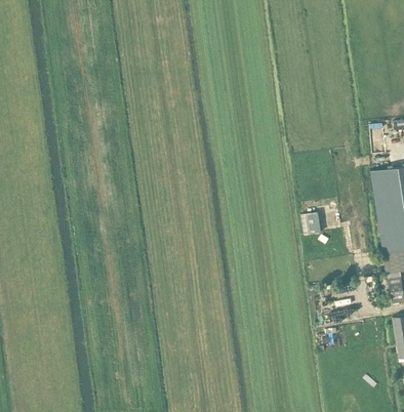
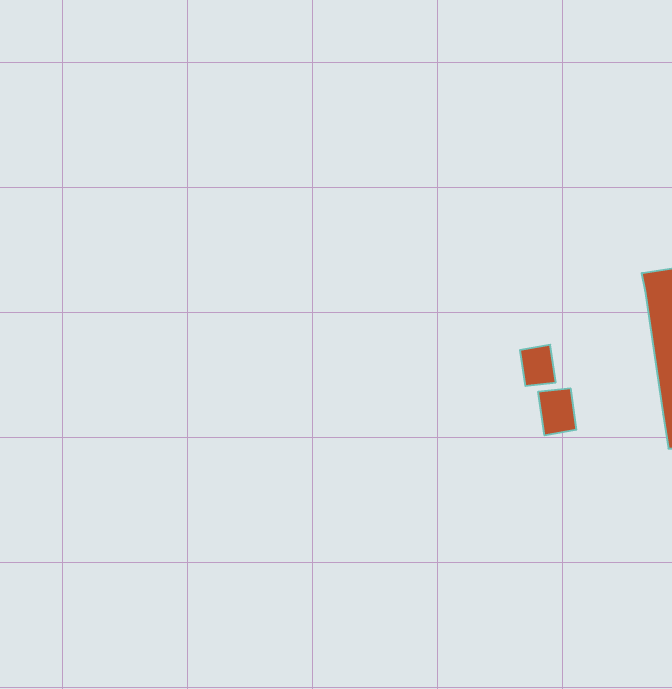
building: none -> [538,388,576,435]

